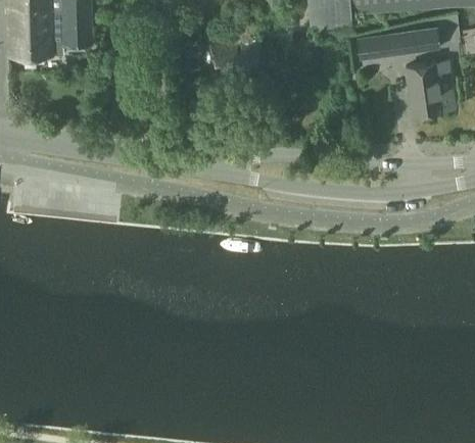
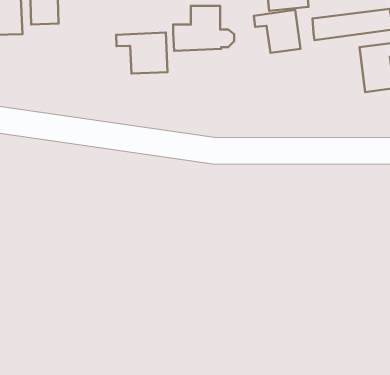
building: none -> [254,10,301,53]
building: none -> [116,33,167,73]

